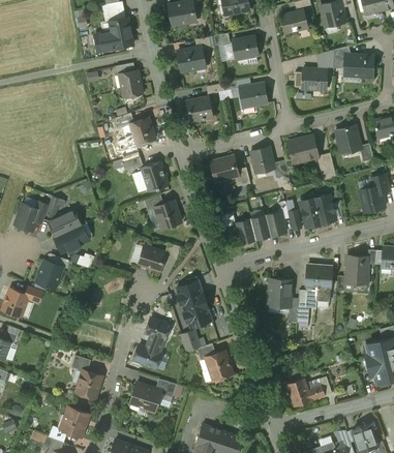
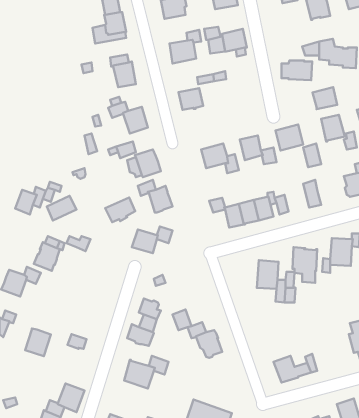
building: [280,10,308,34] -> none
building: [240,84,268,109] -> none
building: none -> [313,87,337,109]
building: [300,199,324,228] -> none
building: [56,225,87,251] -> [105,197,135,222]
building: [177,280,212,328] -> none
building: [75,370,102,399] -> [25,329,51,356]

